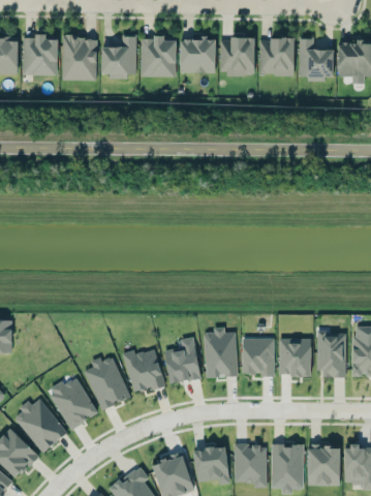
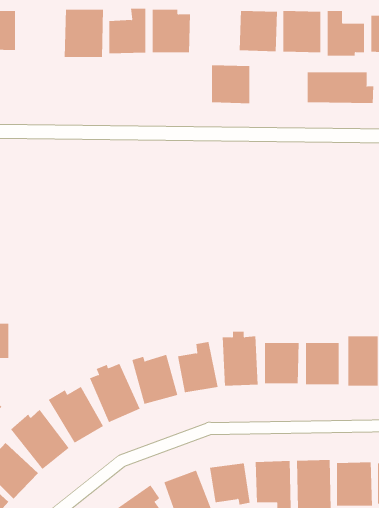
building: [22,34,57,75] -> none
building: [180,38,215,73] -> [211,65,250,104]
building: none -> [307,71,374,104]

